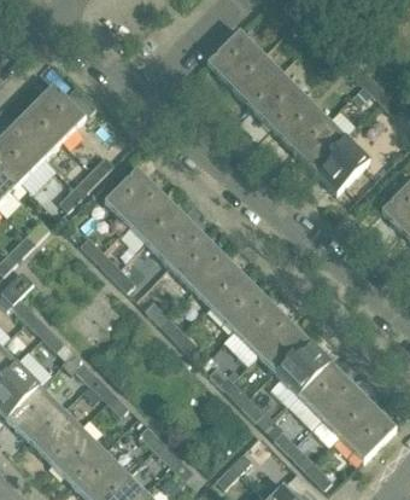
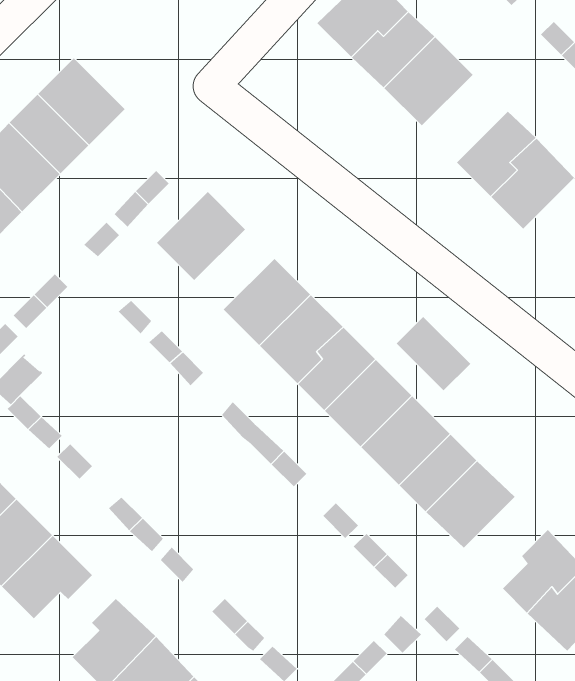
building: [271,94,326,150] -> none
building: [128,192,178,243] -> none
building: none -> [396,316,471,391]
building: [298,361,351,419] -> none
building: [27,411,78,463] -> none

